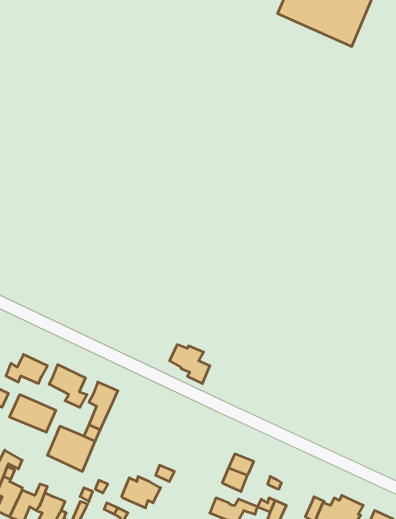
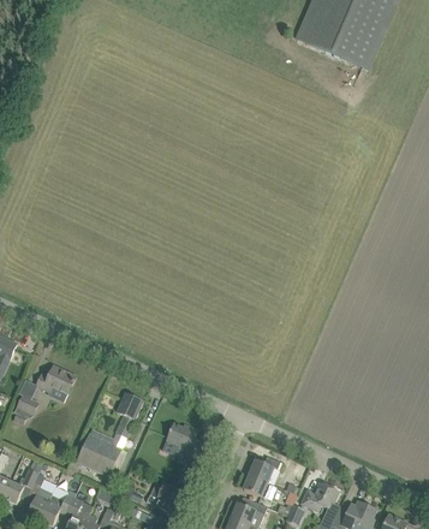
building: [170,345,210,384] -> [166,422,204,459]
building: [49,365,87,407] -> none
building: [10,395,56,432] -> none
building: none -> [302,482,338,510]

